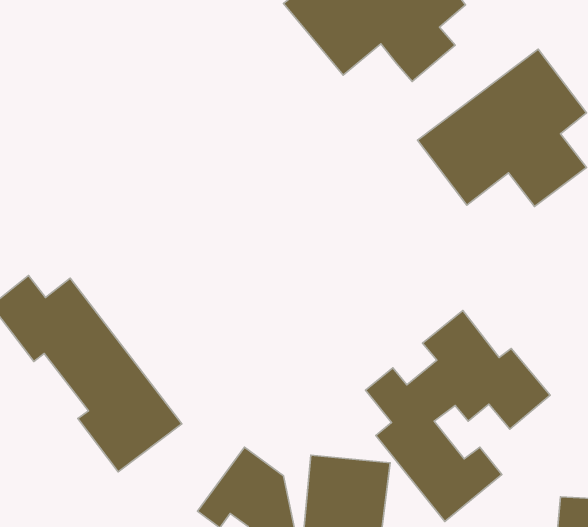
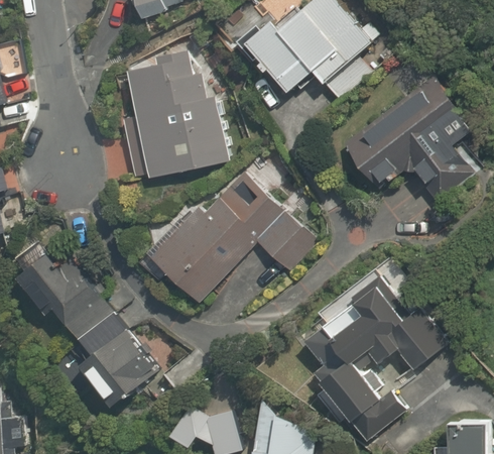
building: none -> [111,46,229,183]
building: none -> [144,163,313,305]

